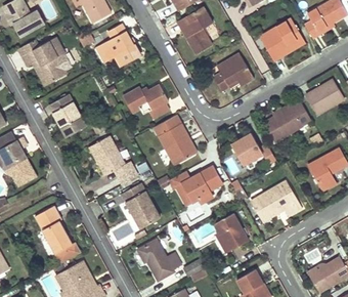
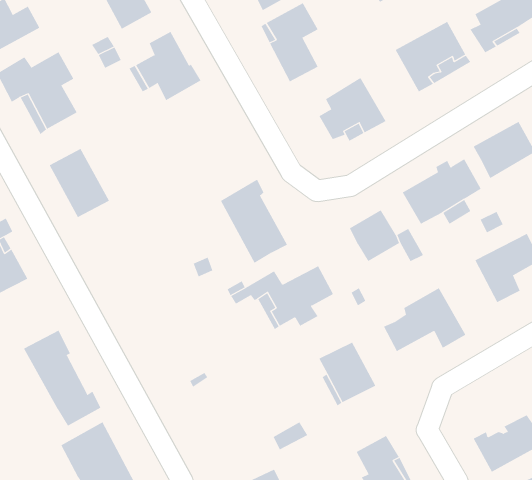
building: [123,84,169,118] -> none
building: [90,137,135,178] -> none
building: [121,182,160,228] -> none
building: [136,239,180,281] -> none

